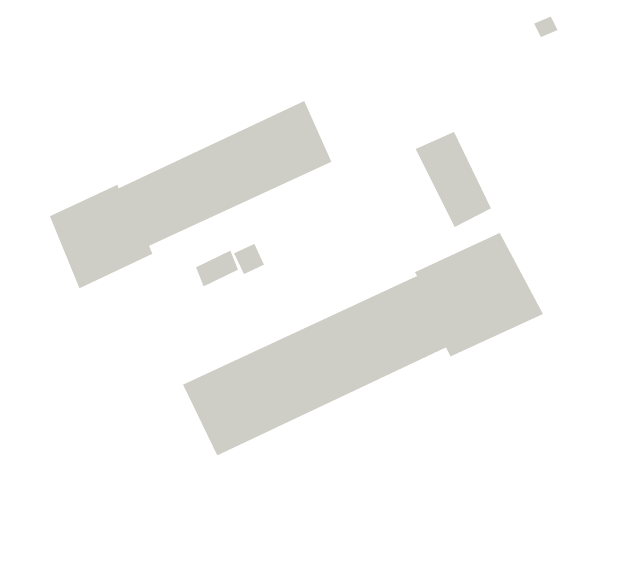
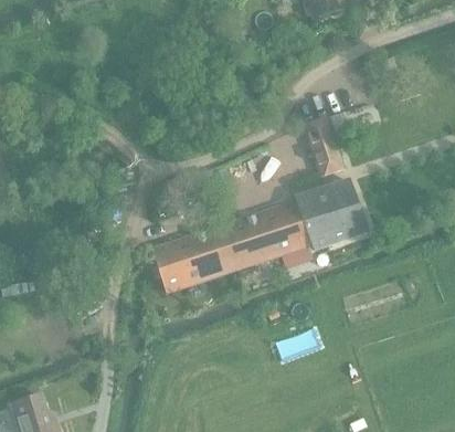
building: [49,100,332,289] -> none

